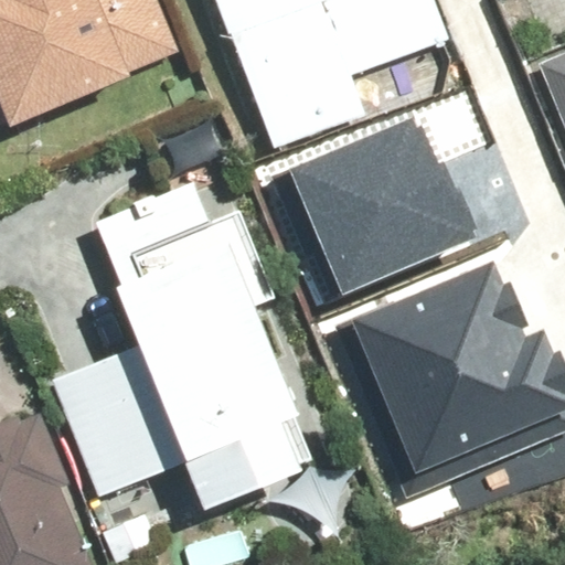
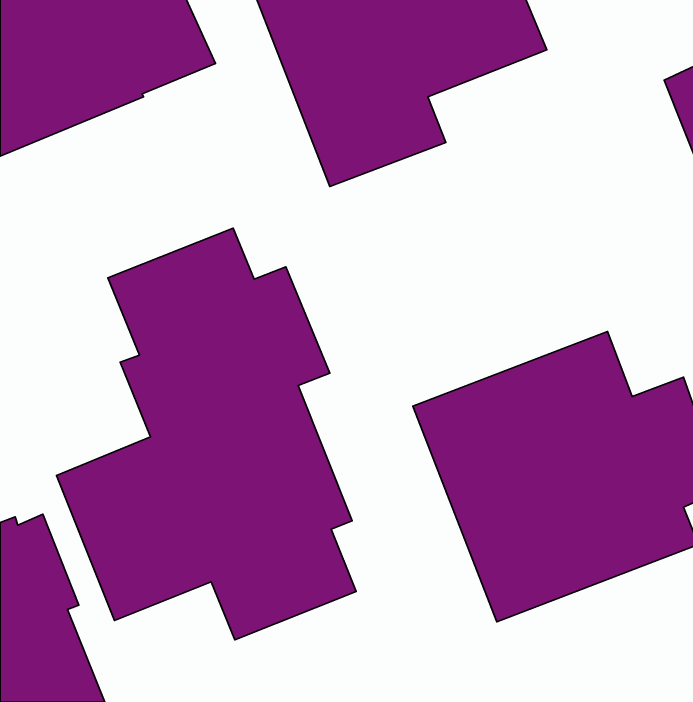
building: [284,104,489,292] -> none

